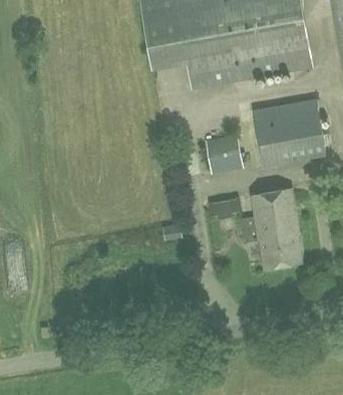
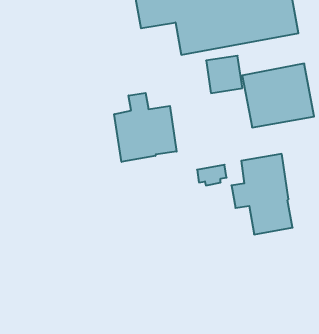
building: none -> [114,93,177,162]
building: [206,136,243,174] -> [206,56,242,93]

